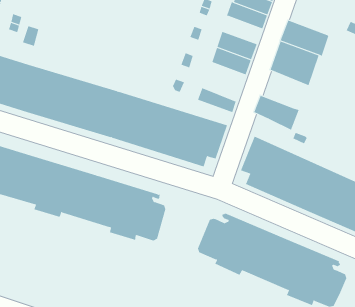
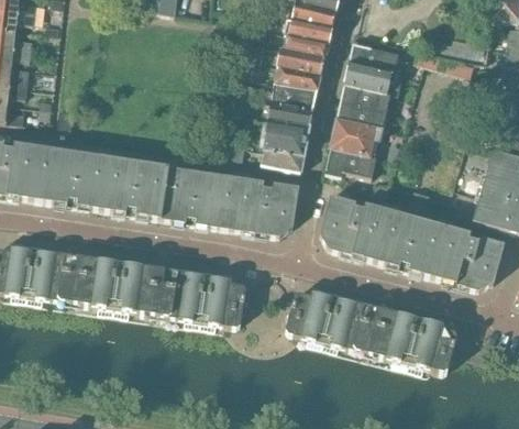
building: none -> [347,42,397,69]
building: none -> [276,65,321,91]
building: none -> [263,119,310,158]
building: none -> [329,118,379,156]

